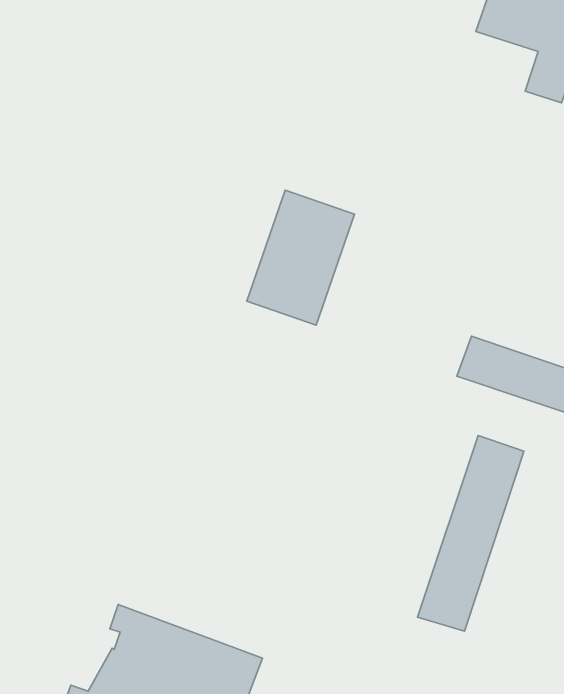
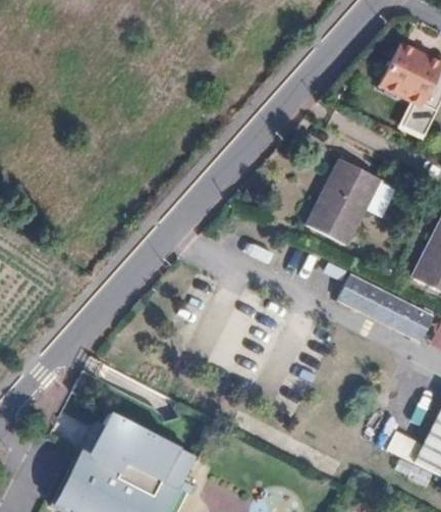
building: [247,190,355,325] -> [306,158,379,244]
building: [417,435,524,631] -> none

